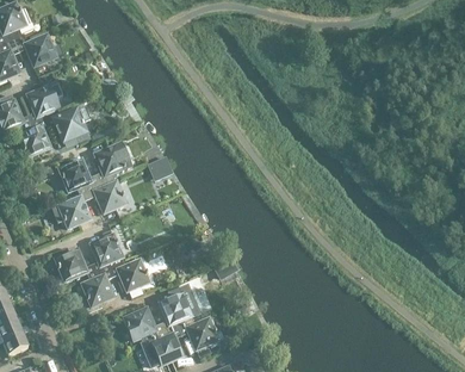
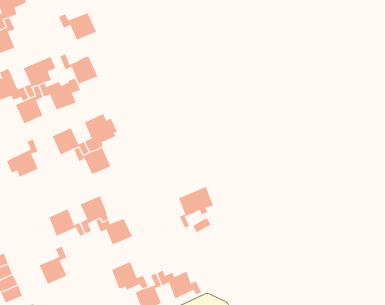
building: [12,32,55,63] -> [58,12,97,40]
building: none -> [59,53,98,85]
building: [52,182,88,225] -> [6,139,38,177]
building: [81,261,112,304] -> [39,246,67,285]
building: [159,289,198,335] -> [178,186,214,228]

